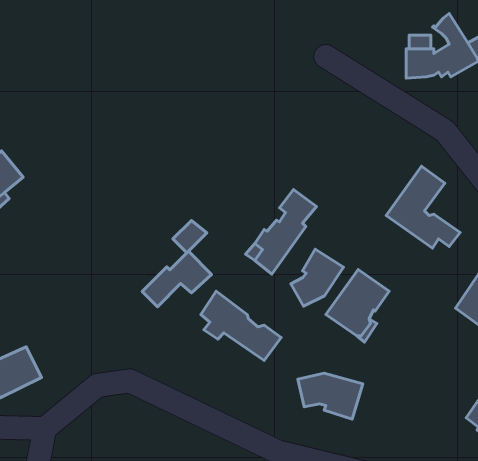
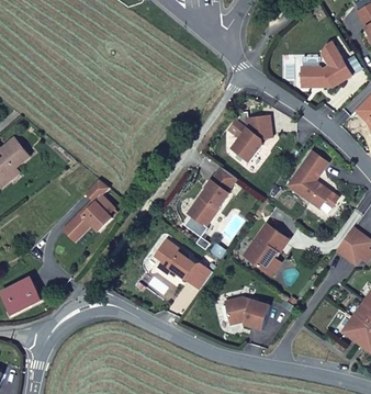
building: none -> [227,112,271,162]
building: [142,220,212,307] -> [63,181,112,243]
building: [291,249,343,306] -> none

